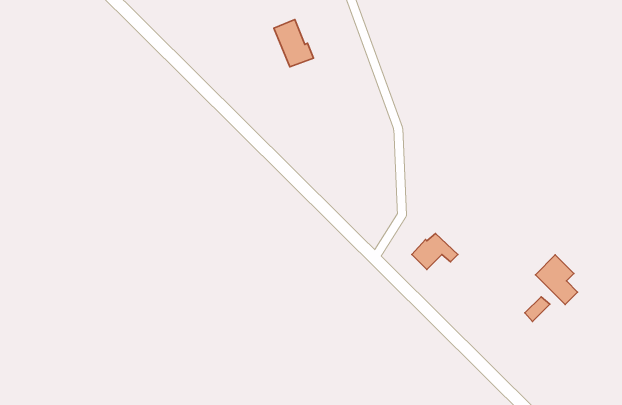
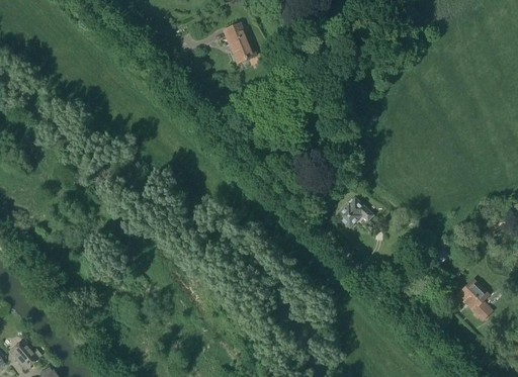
building: [535,255,578,305] -> [457,279,492,319]

